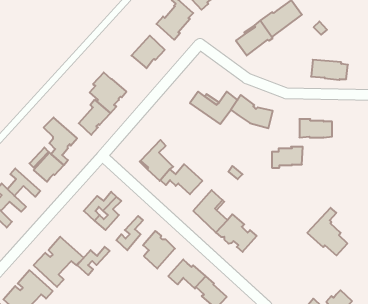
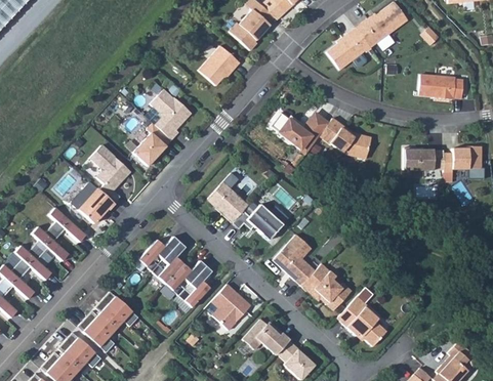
building: [272,147,303,168] -> [444,146,482,172]
building: [307,208,347,255] -> [337,288,386,346]
building: [77,247,110,275] -> [166,261,206,296]

